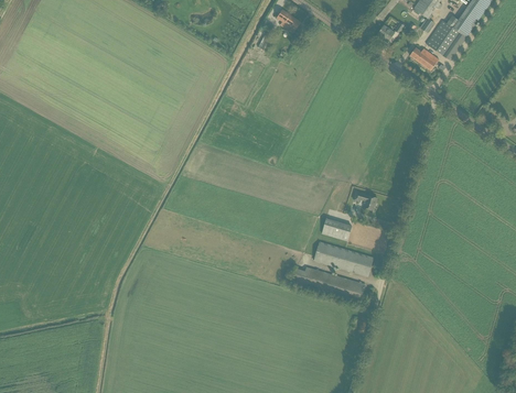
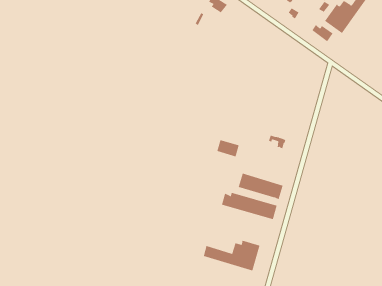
building: [321,217,351,240] -> [217,139,239,157]
building: none -> [203,240,260,272]

